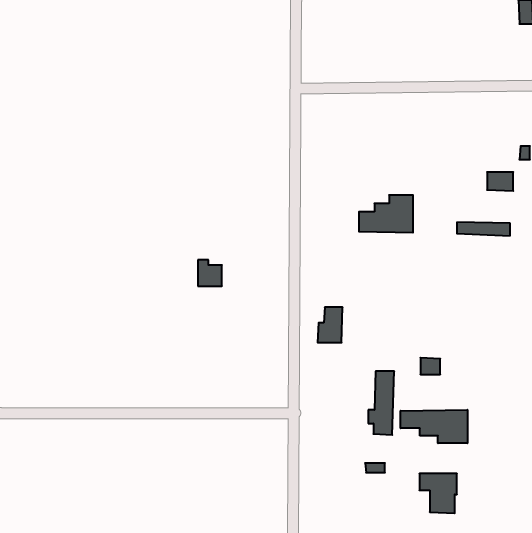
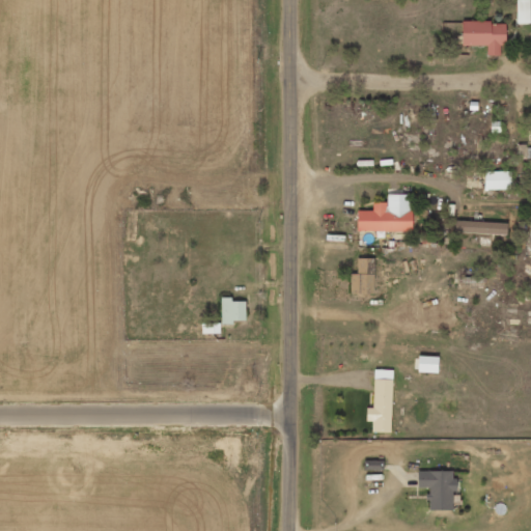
building: none -> [463,21,506,55]
building: [198,260,222,286] -> [222,297,246,323]
building: [318,307,343,343] -> [351,258,375,294]
building: [401,410,467,443] -> none

